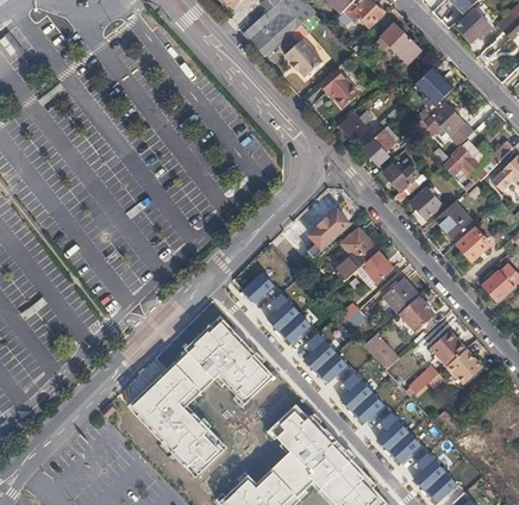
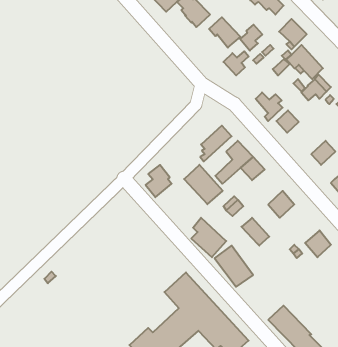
building: [364,130,394,164] -> [240,25,262,51]
building: [436,201,471,237] -> none
building: [386,279,420,313] -> none
building: [257,291,308,343] -> [184,165,223,204]
building: [125,319,267,462] -> none
building: [433,329,469,364] -> none
building: [364,409,419,463] -> none

